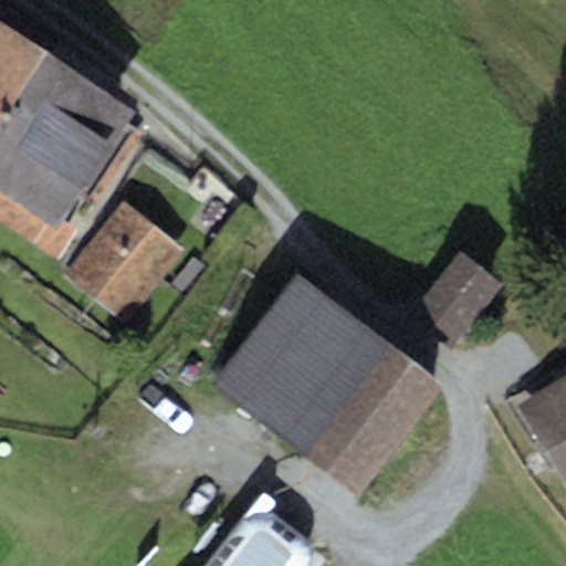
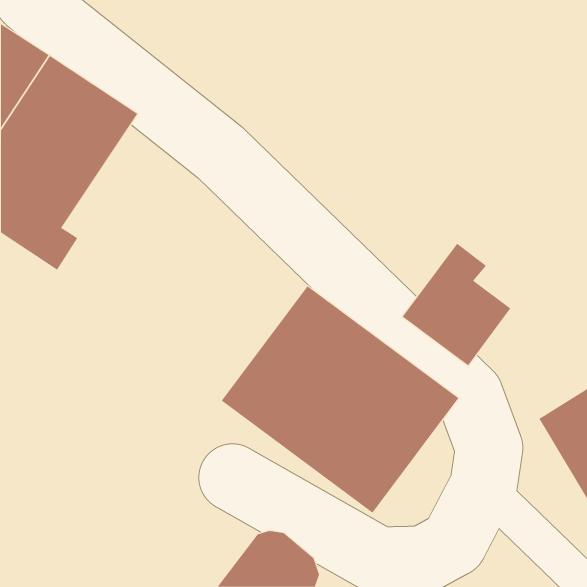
building: [65,200,185,322] -> none

